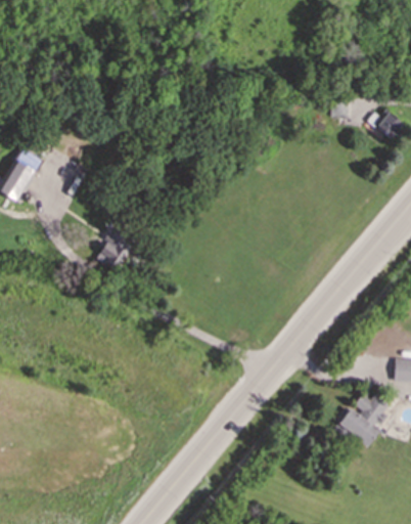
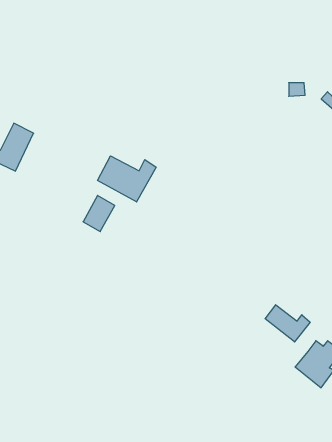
building: none -> [98,156,156,202]
building: none -> [265,305,310,342]

